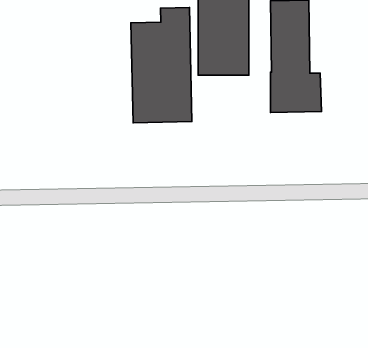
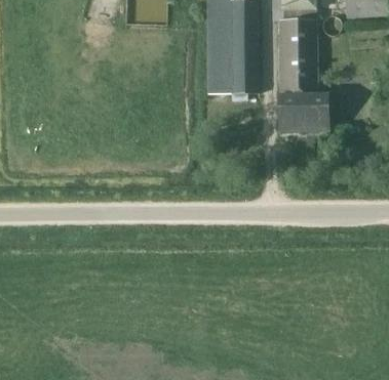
building: [131,8,192,123] -> none

